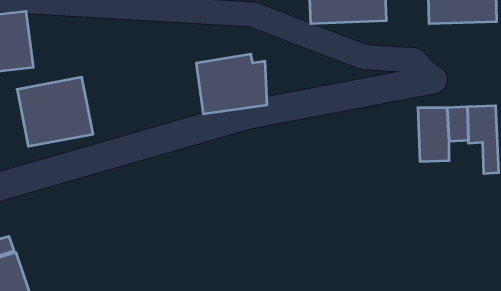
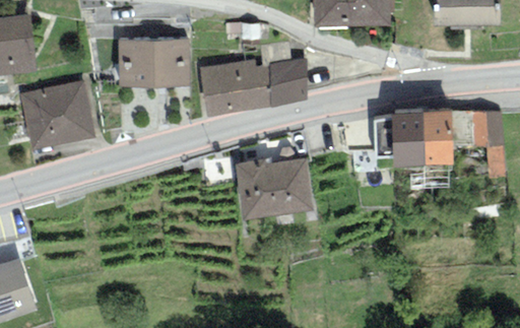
building: none -> [118,38,188,86]
building: none -> [268,57,306,108]
building: none -> [374,111,424,166]
building: none -> [234,156,313,218]

